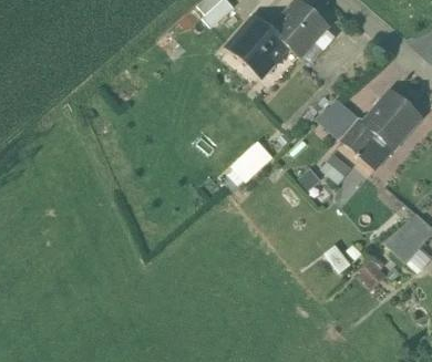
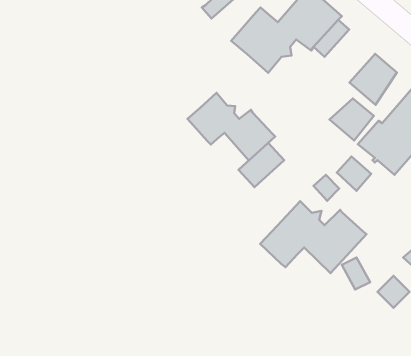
building: none -> [350,54,397,105]
building: none -> [187,93,275,160]
building: none -> [260,201,367,273]

